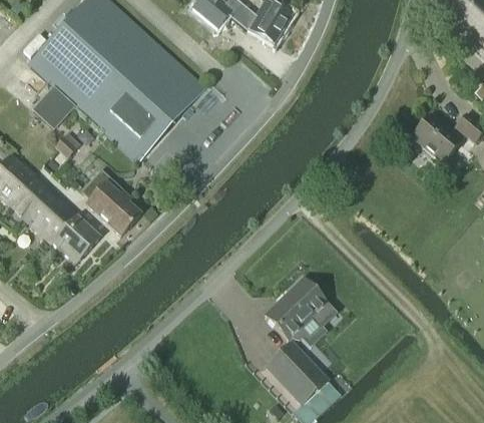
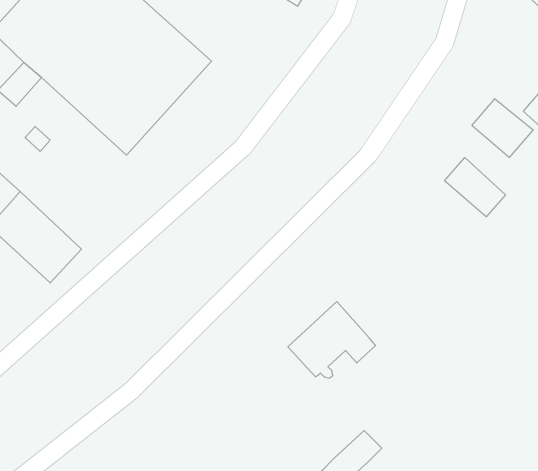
building: none -> [445,158,505,217]
building: [82,174,140,235] -> none
building: [266,340,329,403] -> none

